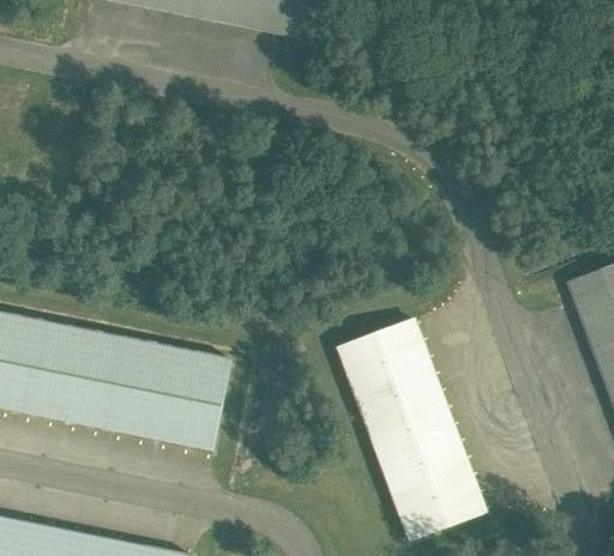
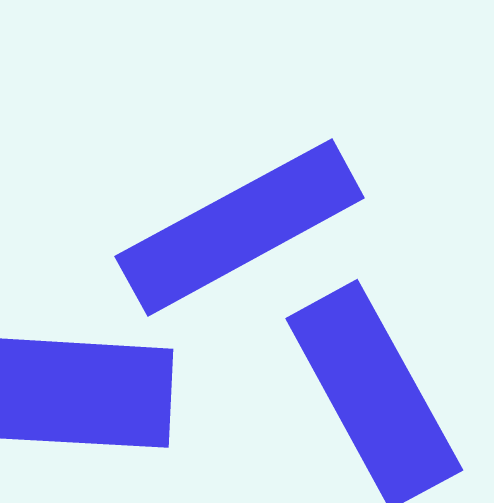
building: none -> [113,137,366,318]

